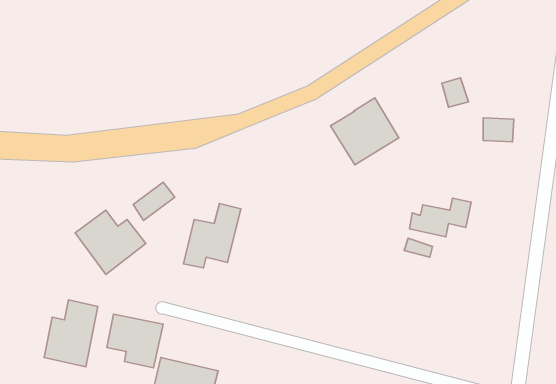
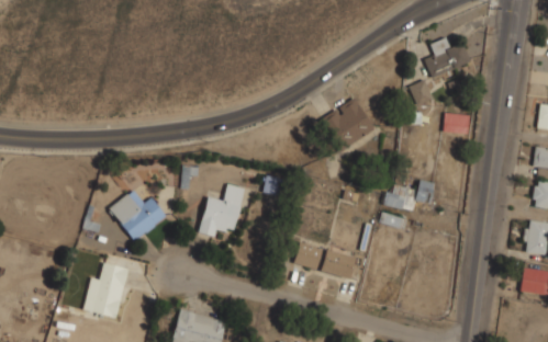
building: none -> [425,38,469,78]
building: [133,182,175,221] -> none
building: none -> [294,243,355,280]
building: [107,314,163,368] -> none

